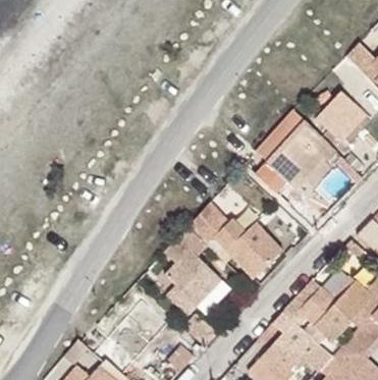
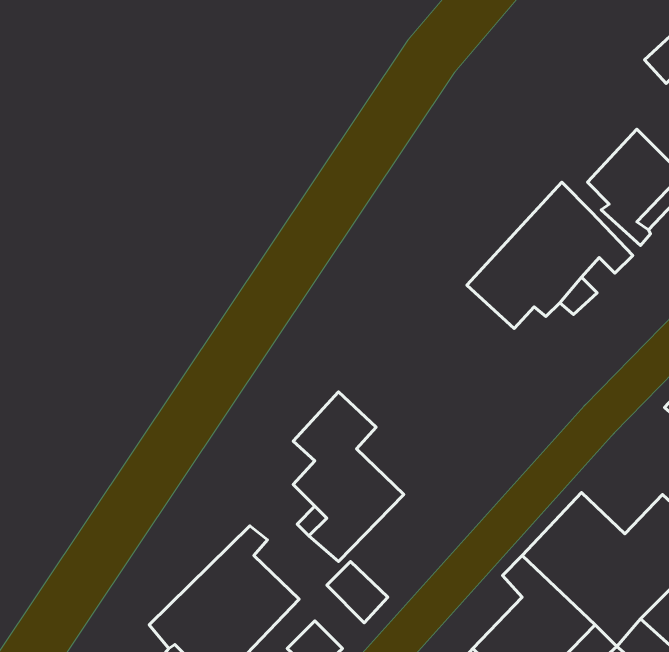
building: [188,204,282,289] -> none

